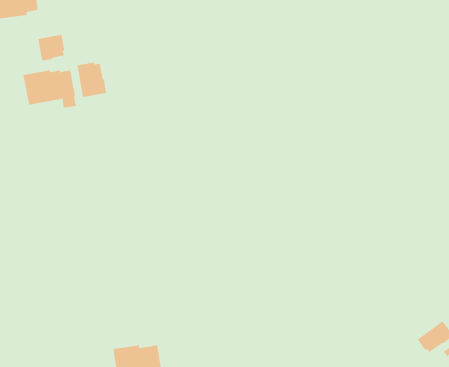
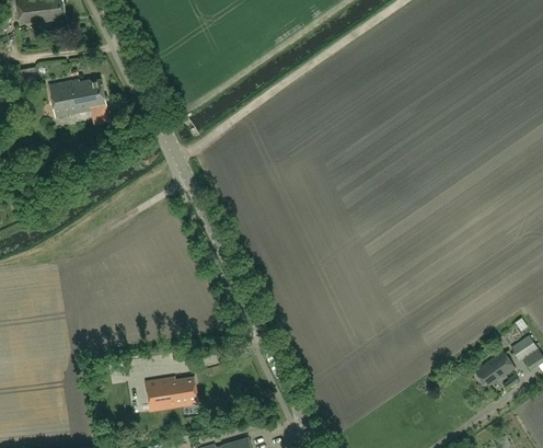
building: [38,34,65,61] -> none
building: [77,62,107,98] -> none

